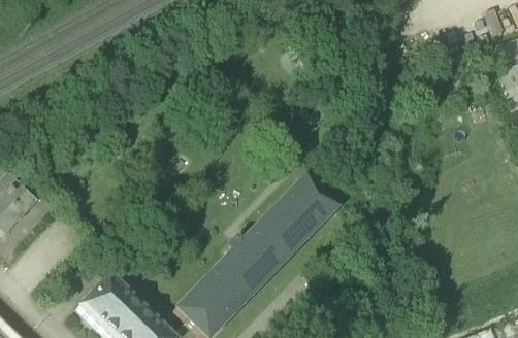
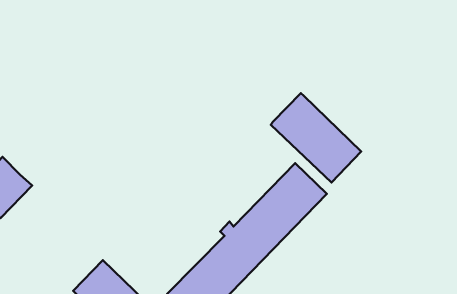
building: none -> [271,93,361,182]

